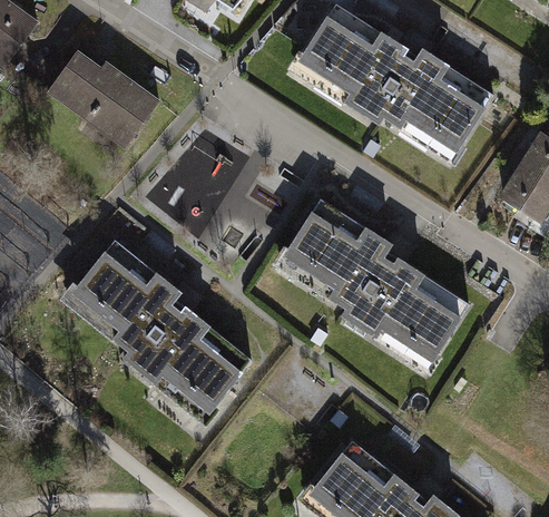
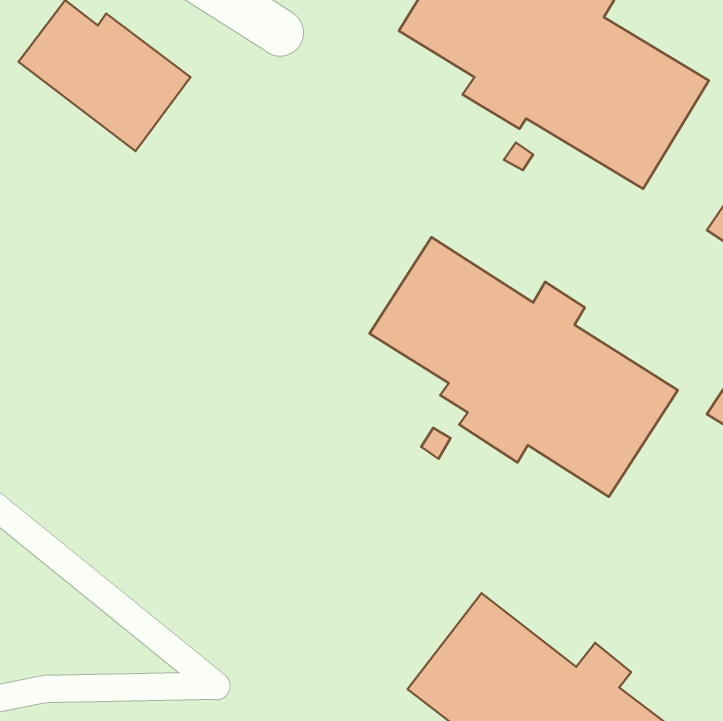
building: [65,241,258,421] -> none

